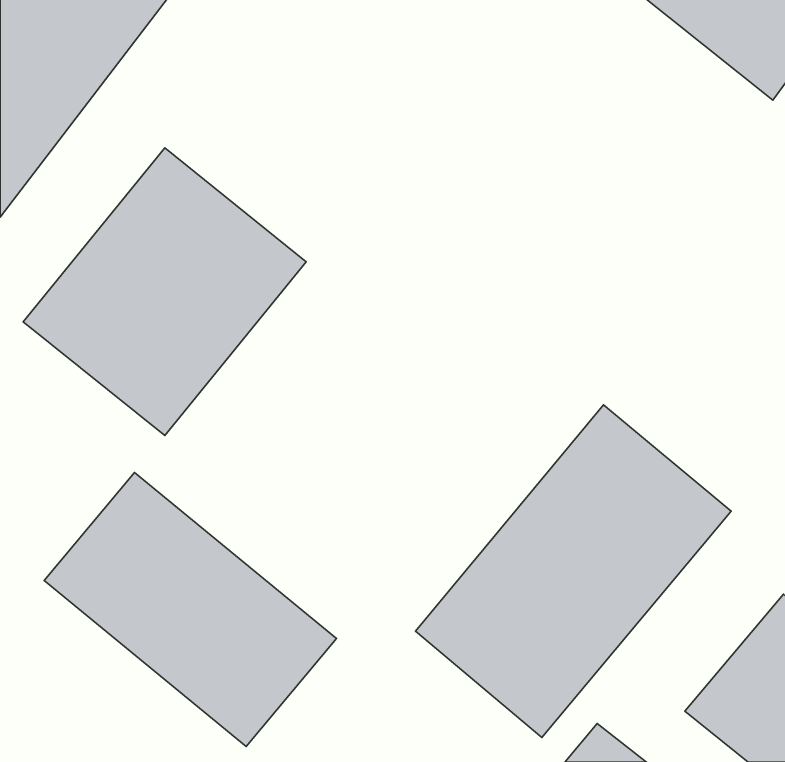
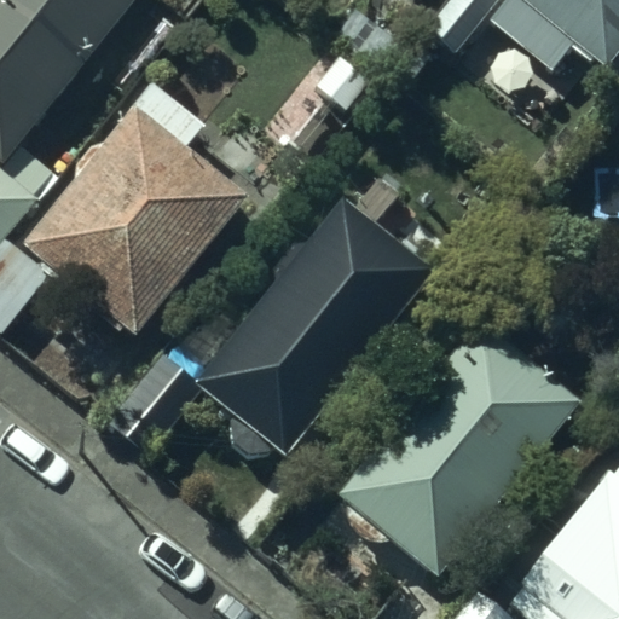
building: none -> [190,198,433,456]
building: [44,472,336,747] -> none

